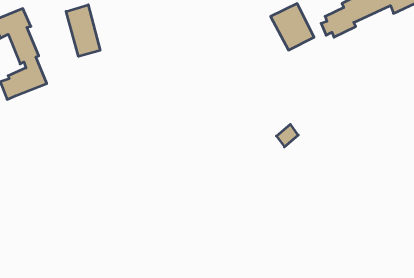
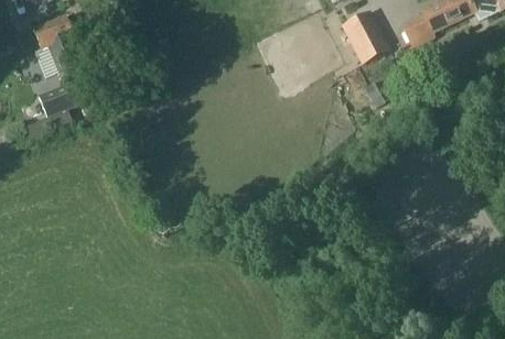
building: [66,5,100,56] -> none

